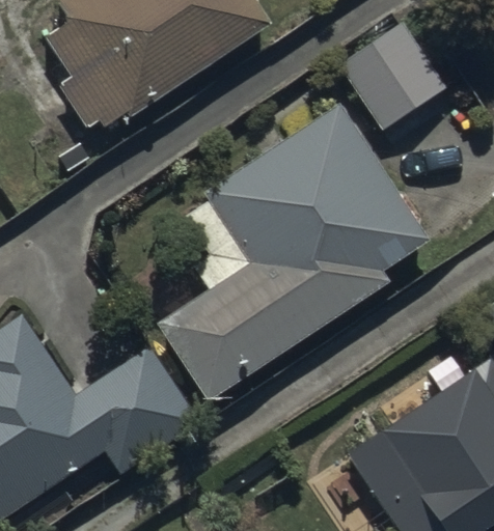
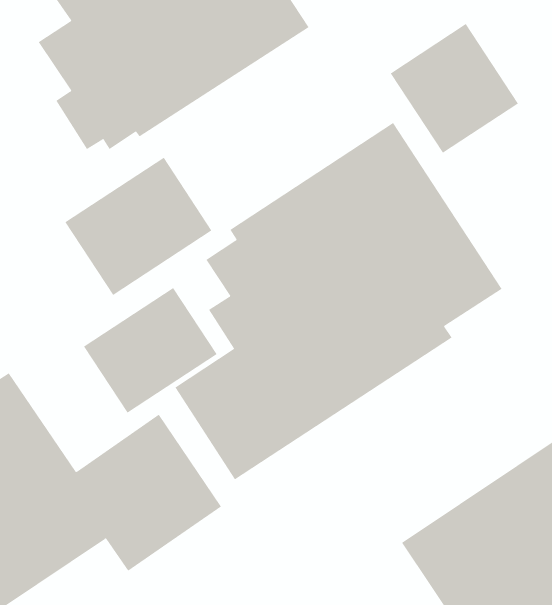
building: none -> [65,157,212,296]
building: none -> [83,287,217,414]

